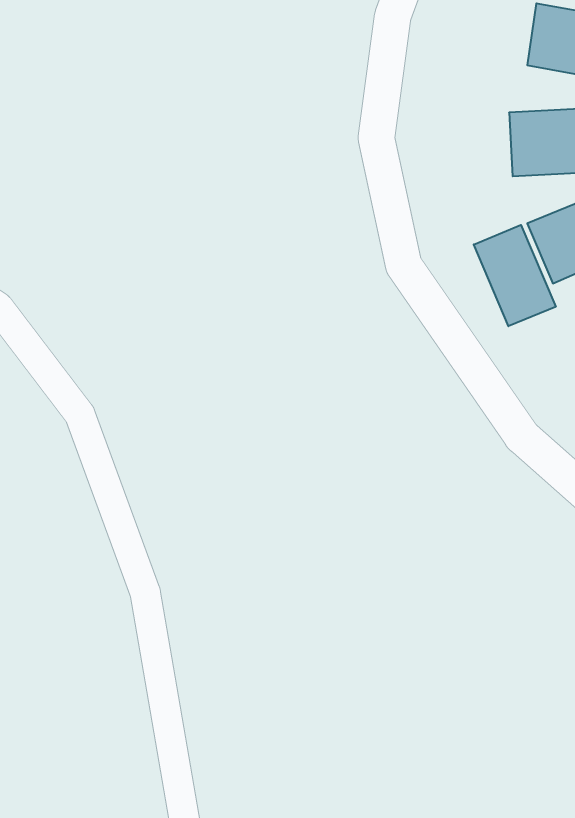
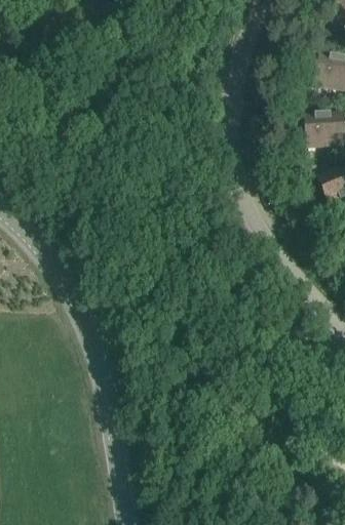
building: [474,225,556,326] -> none

